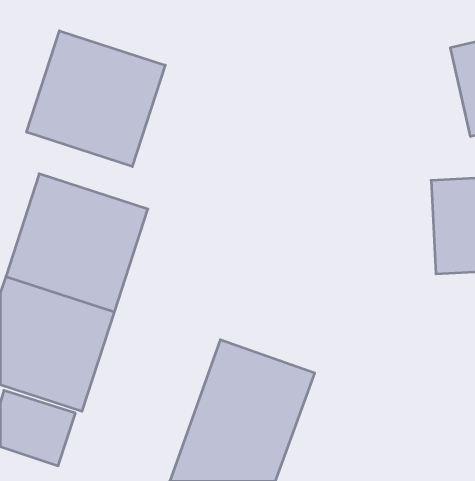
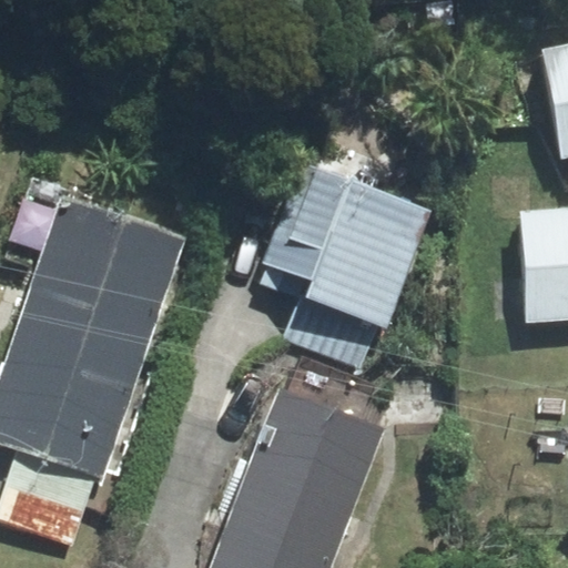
building: [27,31,165,167] -> none
building: none -> [264,170,418,324]

